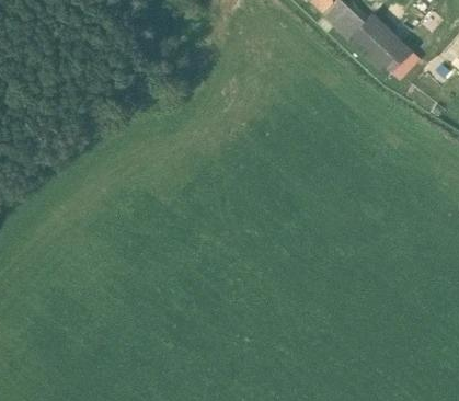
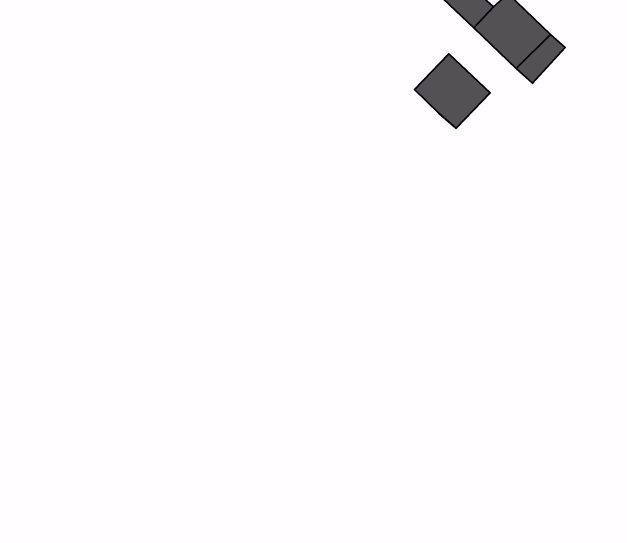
building: none -> [415,54,490,128]

